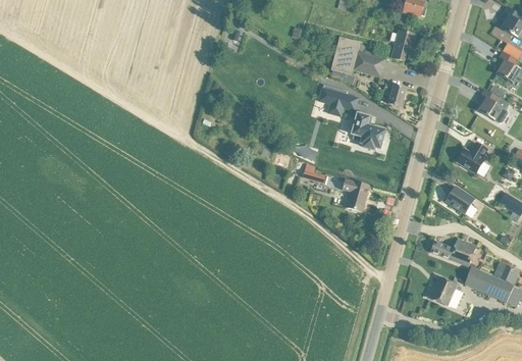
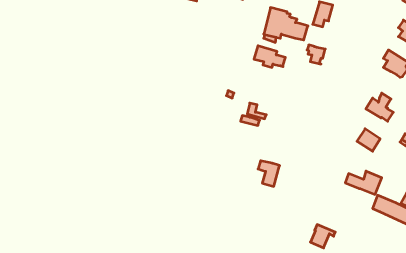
building: [350,108,385,149] -> none
building: [343,179,369,211] -> [258,161,280,186]
building: [431,276,462,305] -> [310,225,335,248]

